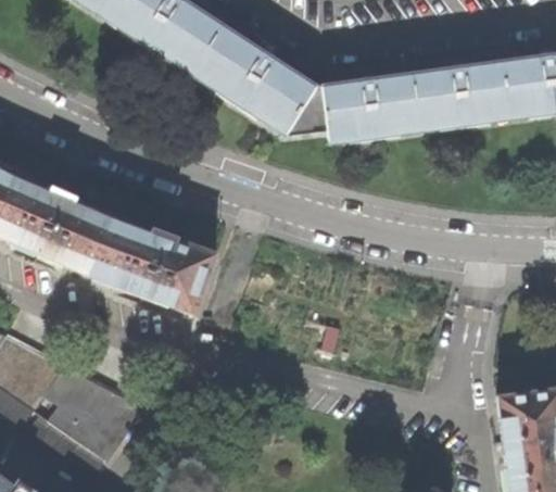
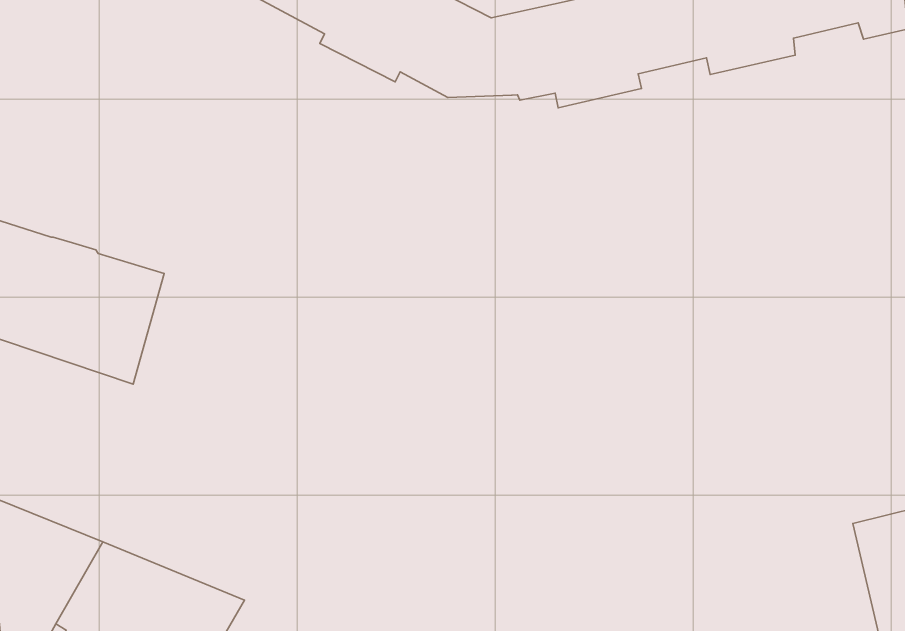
building: [90,215,217,315] -> none

